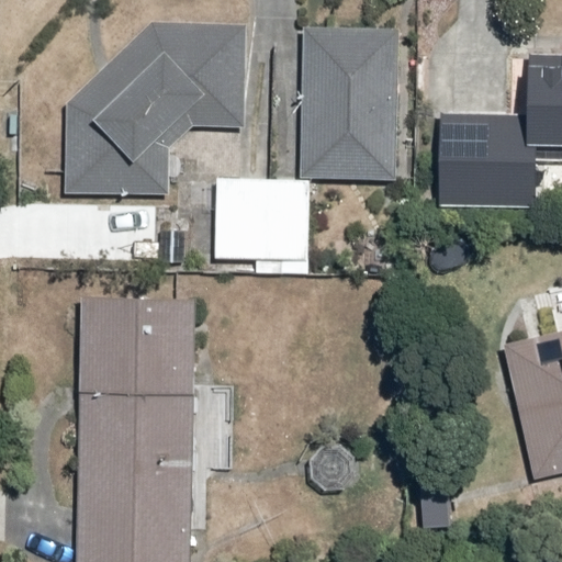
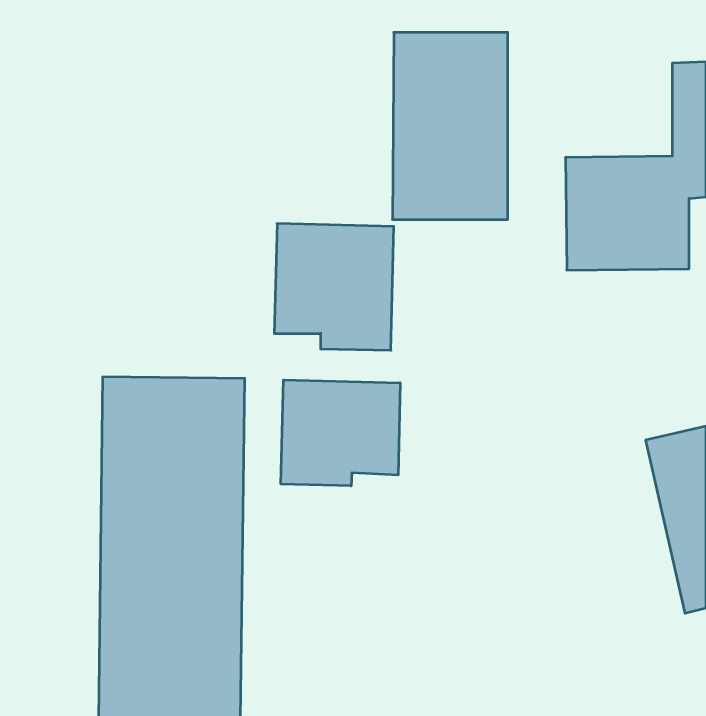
building: [66,31,246,193] -> none
building: none -> [281,380,400,486]

